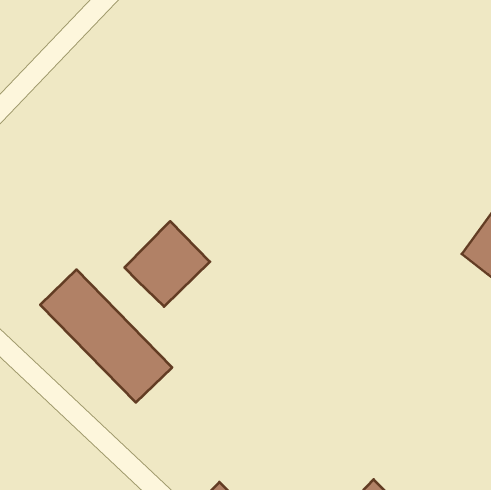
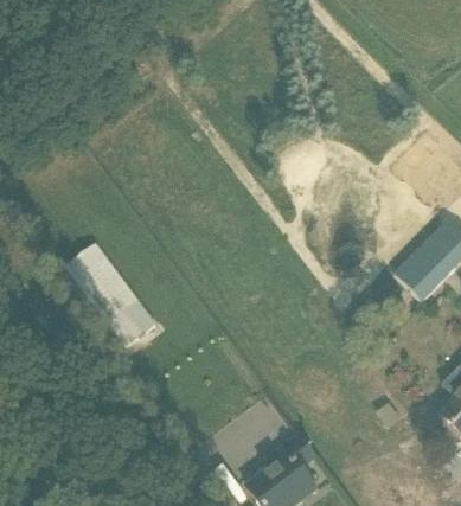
building: [125,221,210,307] -> none

